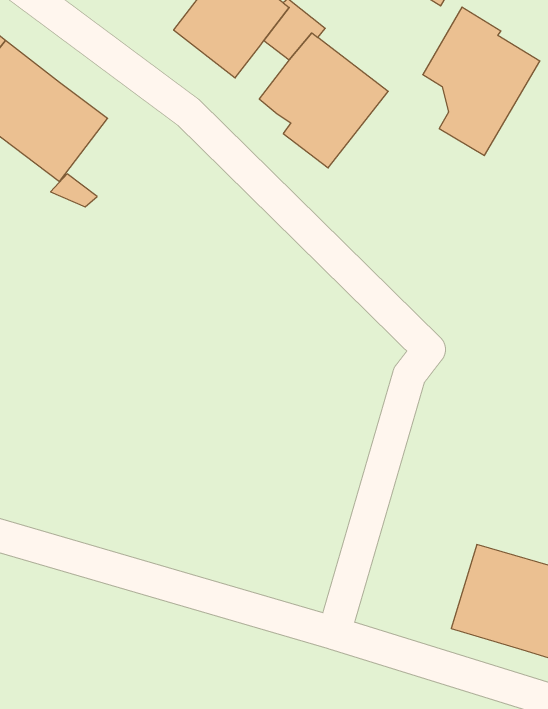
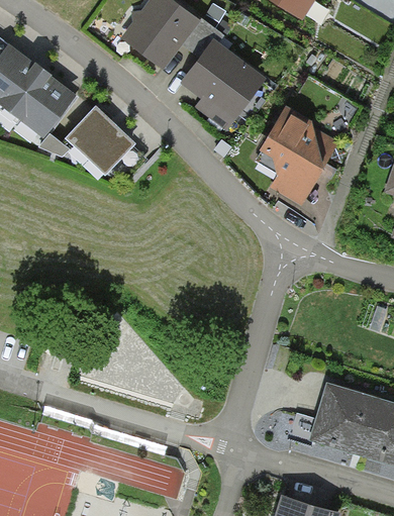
building: [423,7,540,156] -> [260,105,338,205]
building: none -> [65,107,135,176]

